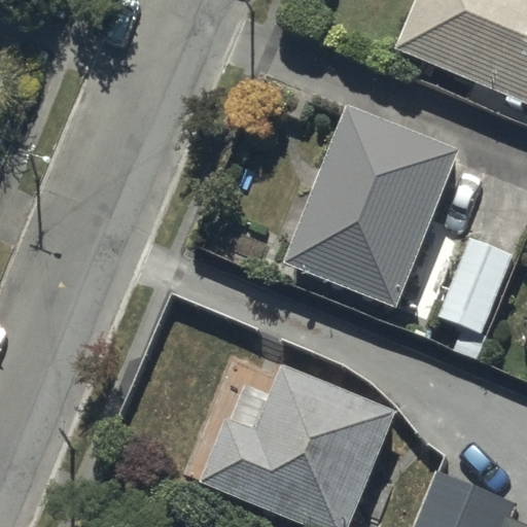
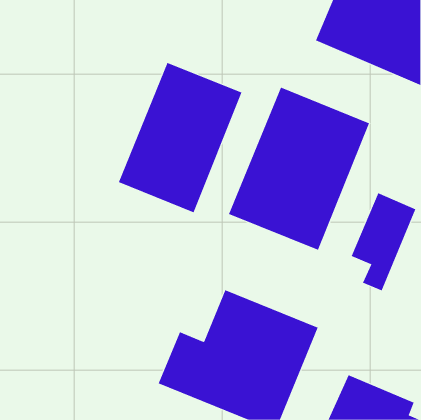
building: none -> [118,62,242,213]

